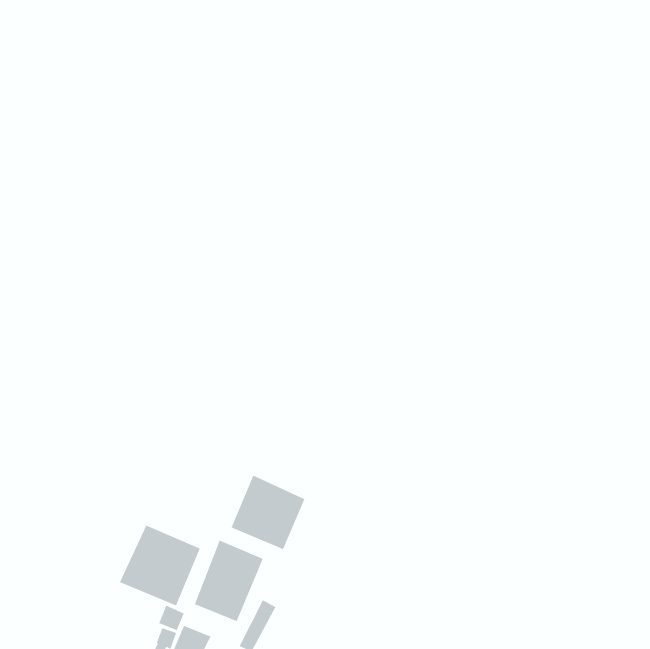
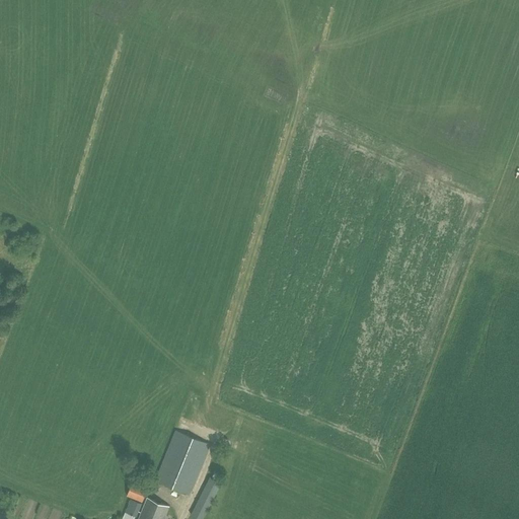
building: [231,474,306,550] -> none
building: [119,524,201,606] -> none

